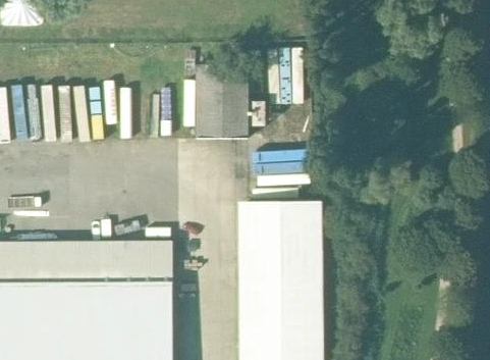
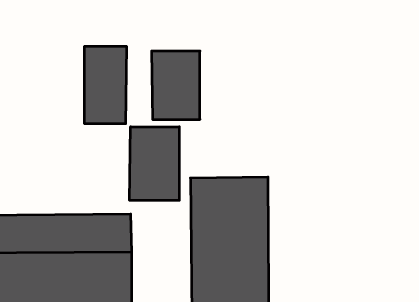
building: none -> [85,46,126,124]
building: none -> [130,127,179,200]

